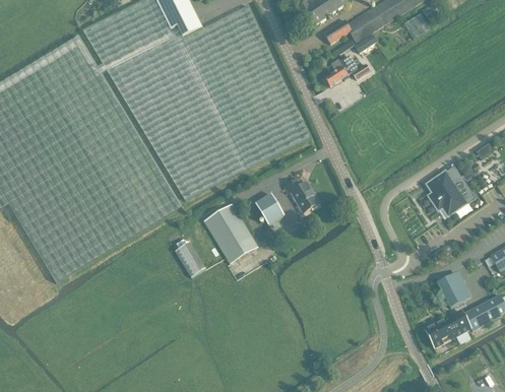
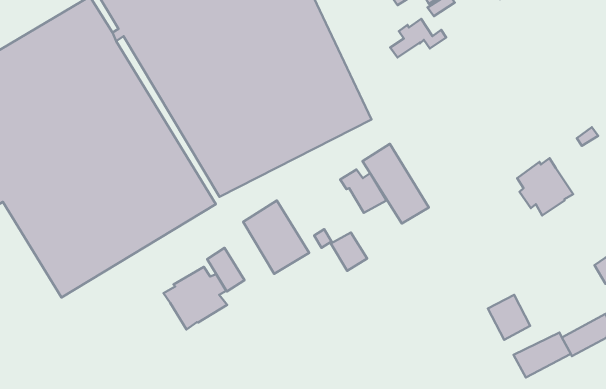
building: none -> [363,144,429,223]
building: [254,193,283,224] -> [331,232,367,271]
building: none -> [164,267,227,329]
building: [436,271,470,308] -> [488,295,530,340]

